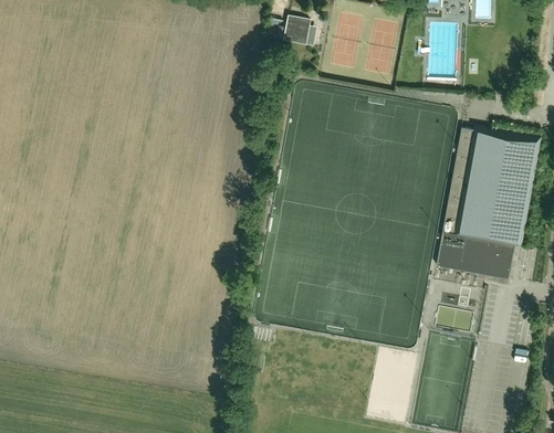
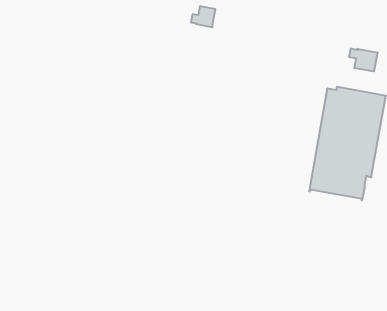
building: none -> [349,48,378,71]

